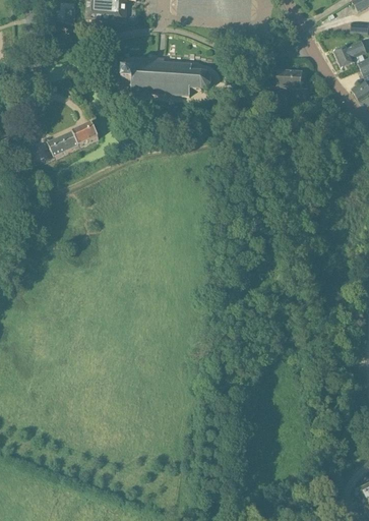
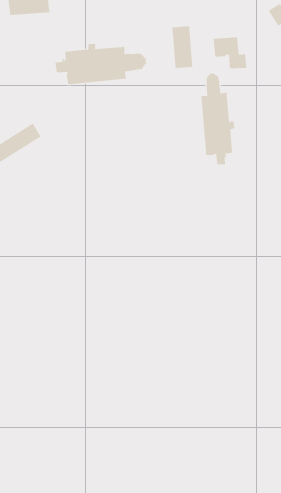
building: none -> [172,26,193,69]
building: none -> [201,71,235,165]

